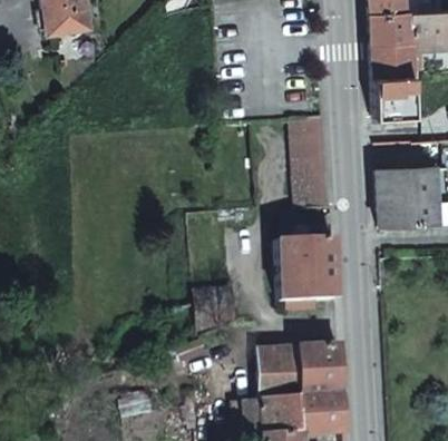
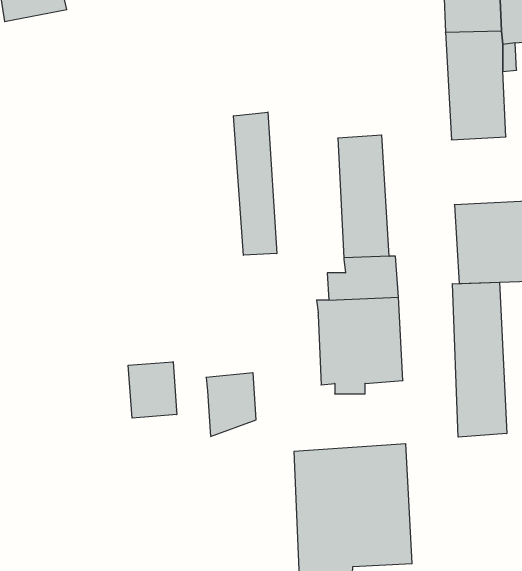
building: none -> [234,112,277,255]
building: none -> [452,282,507,437]
building: none -> [128,362,177,418]

